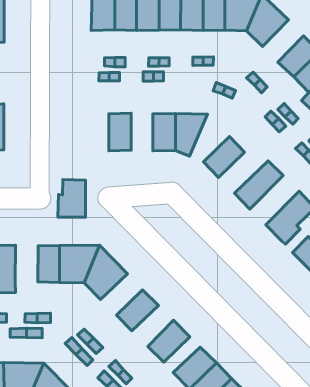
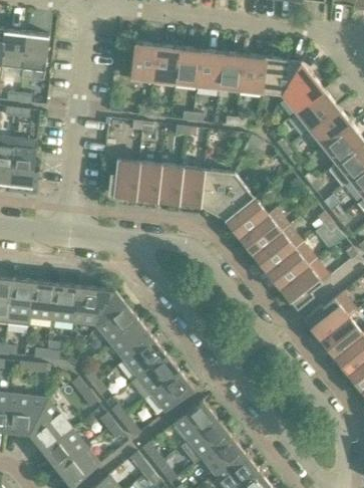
building: none -> [296,90,337,131]
building: none -> [156,165,181,204]
building: none -> [213,174,254,220]
building: none -> [239,209,289,254]
building: none -> [266,242,316,288]
building: [58,180,86,217] -> [107,160,138,199]
building: none -> [29,281,55,319]
building: none -> [110,321,152,360]
building: none -> [131,355,179,400]

